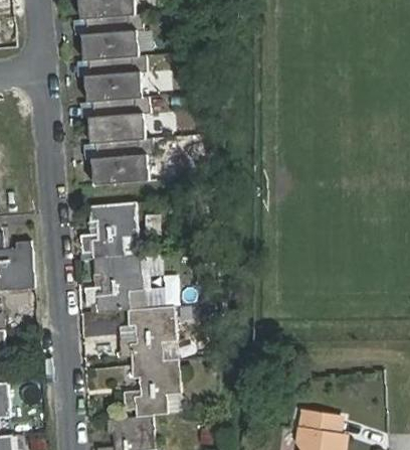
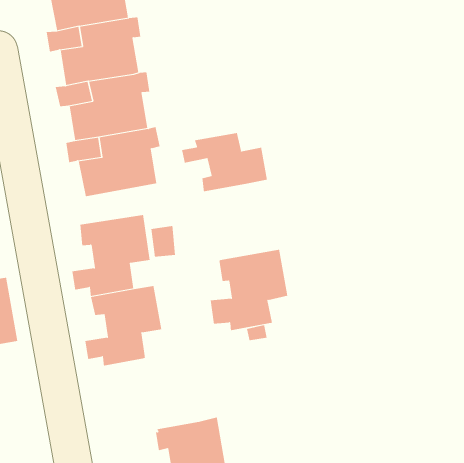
building: none -> [182,132,268,192]
building: [119,305,177,362] -> [210,249,288,331]

